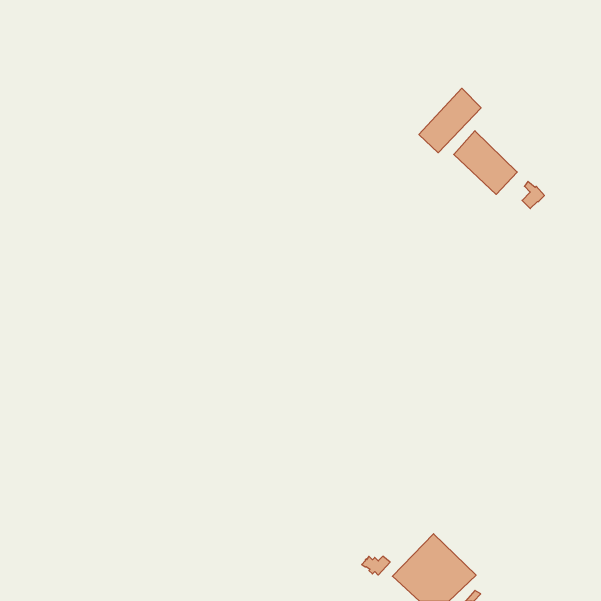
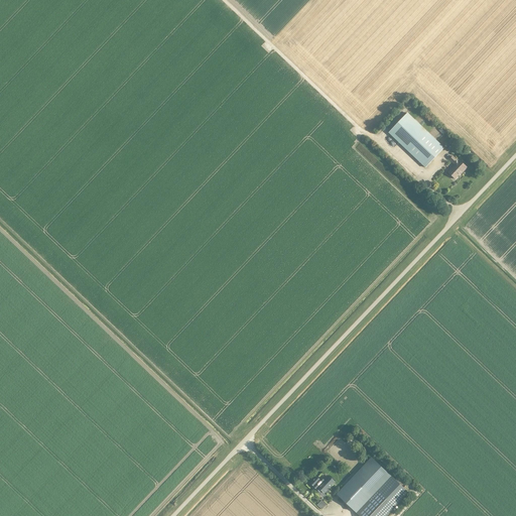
building: [419,88,481,153] -> none

